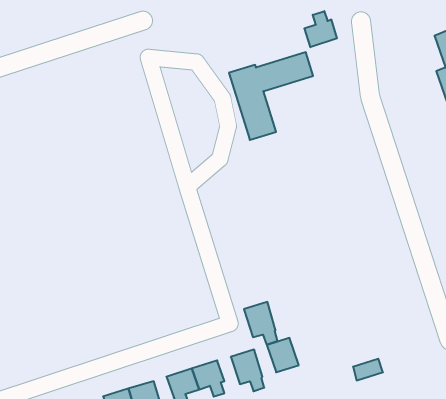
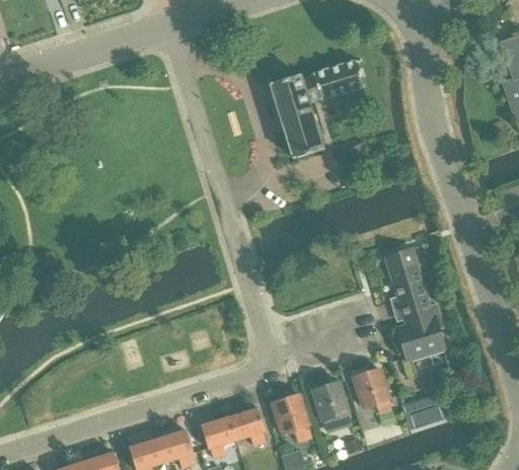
building: [304,11,337,47] -> none
building: none -> [385,247,445,360]
building: [244,302,277,344] -> [354,368,391,415]

